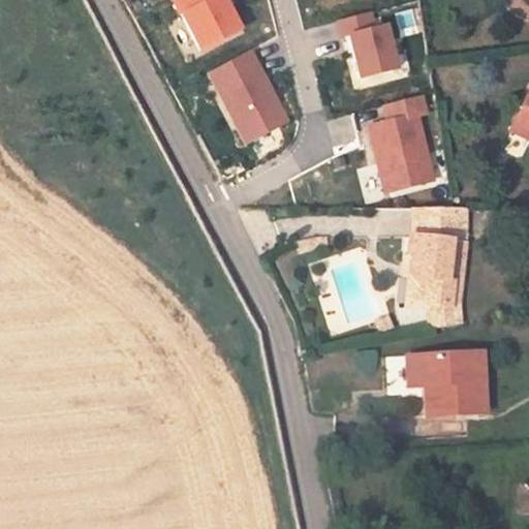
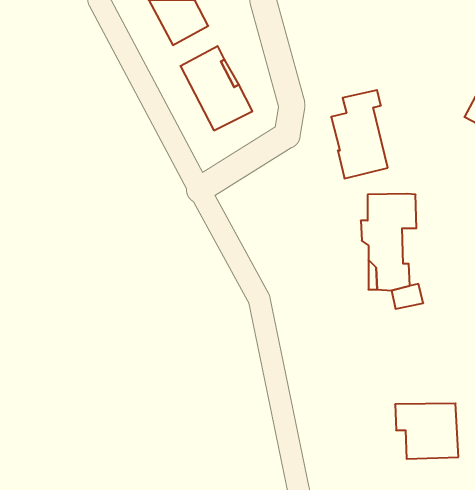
building: [341,12,398,79] -> none
building: [417,356,486,416] -> [395,403,458,459]

